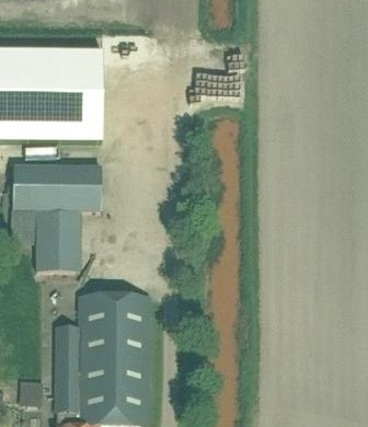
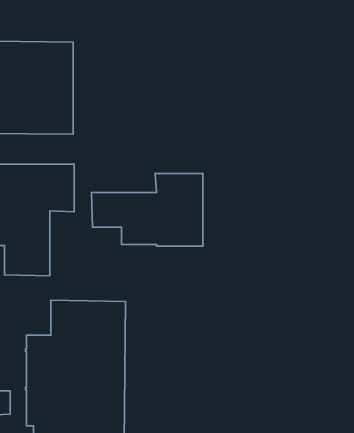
building: none -> [91,174,203,246]

